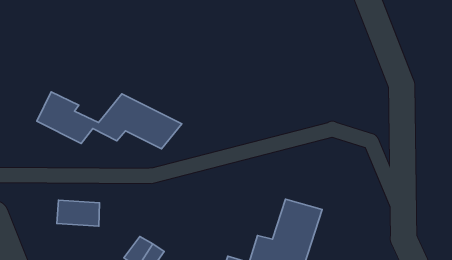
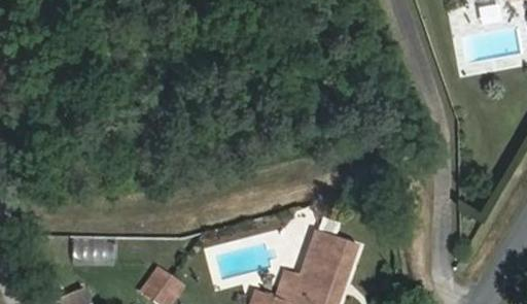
building: [37,92,182,149] -> none

